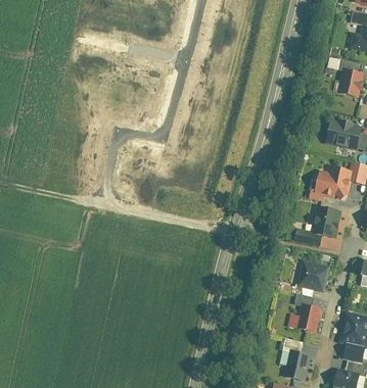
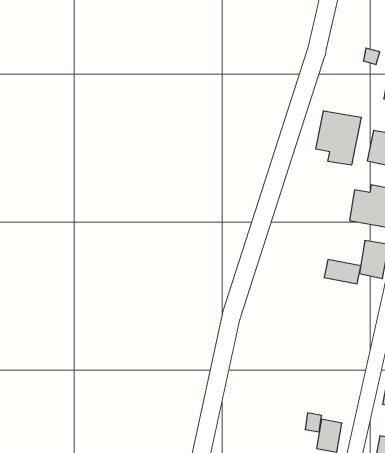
building: none -> [316,111,361,165]
building: [296,259,330,289] -> none
building: [297,305,321,332] -> none

